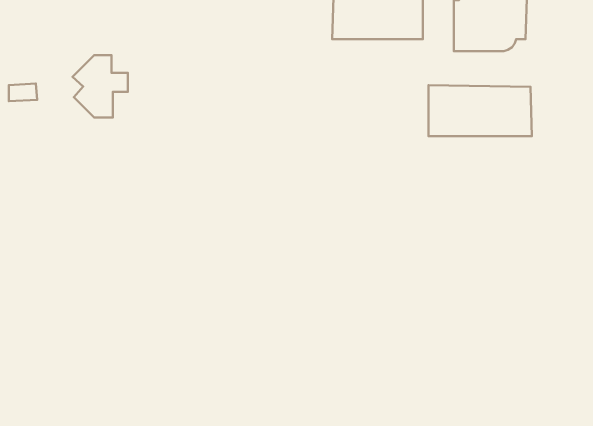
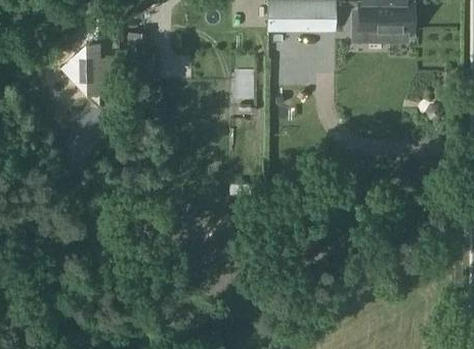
building: [429,85,532,136] -> none

